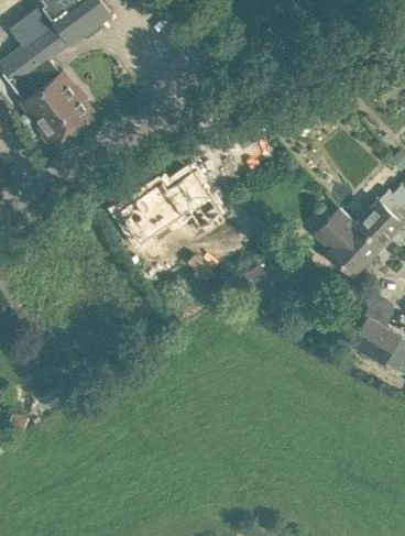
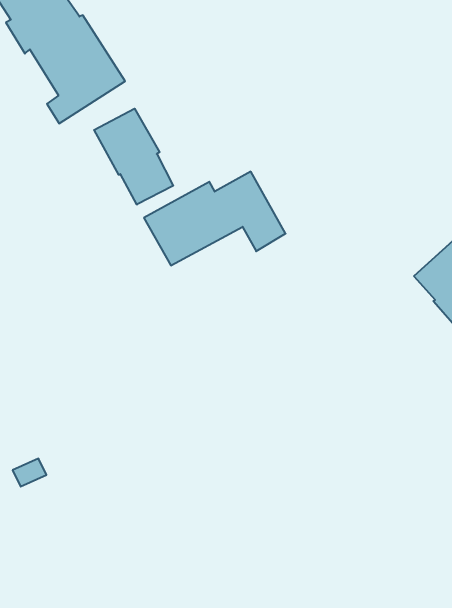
building: none -> [94,109,173,205]

